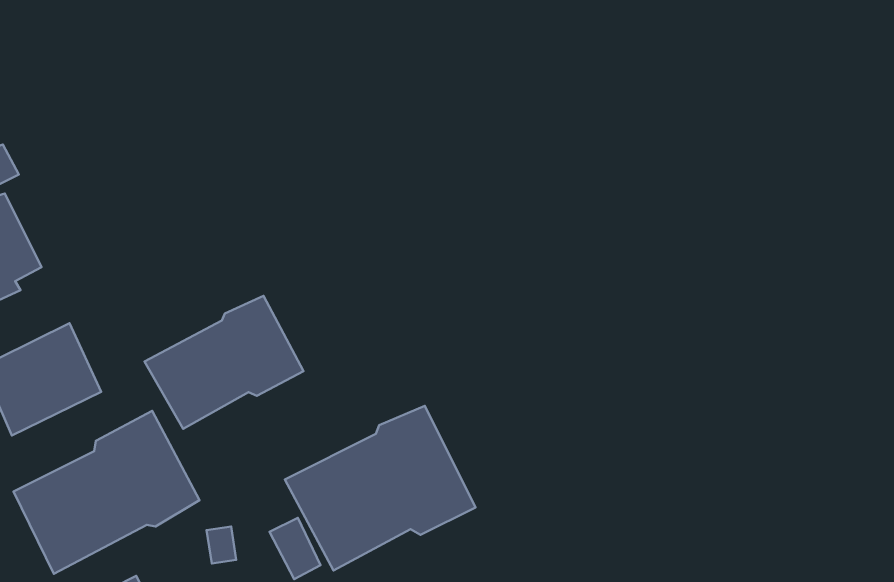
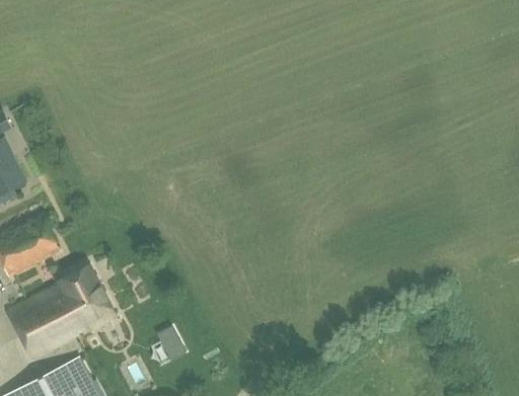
building: [145,296,304,429] -> none
building: [285,406,476,570] -> none

